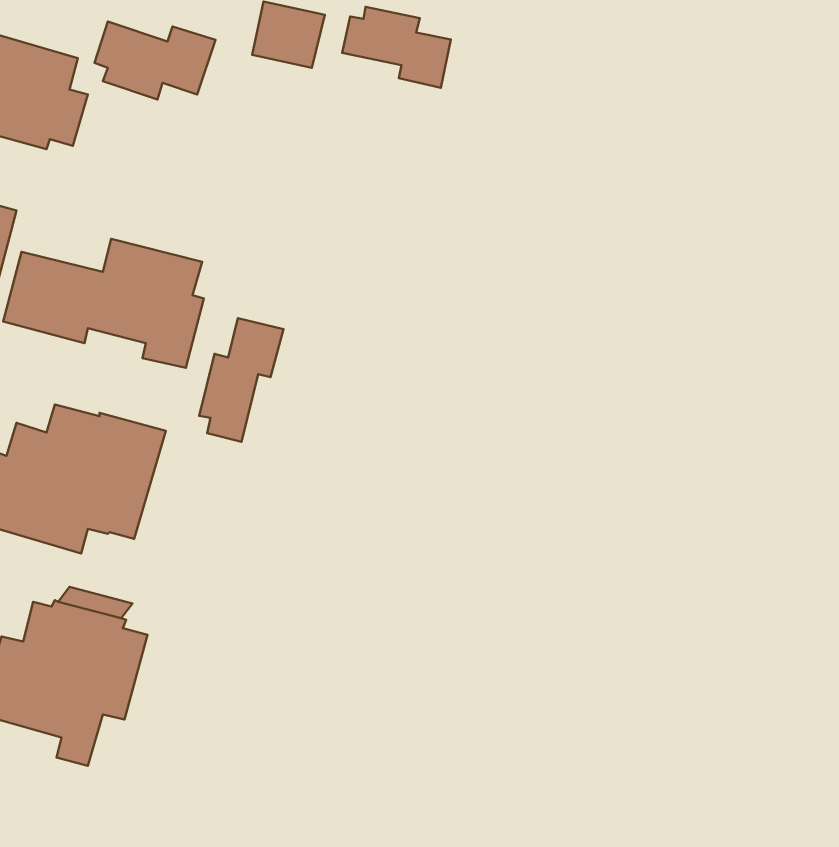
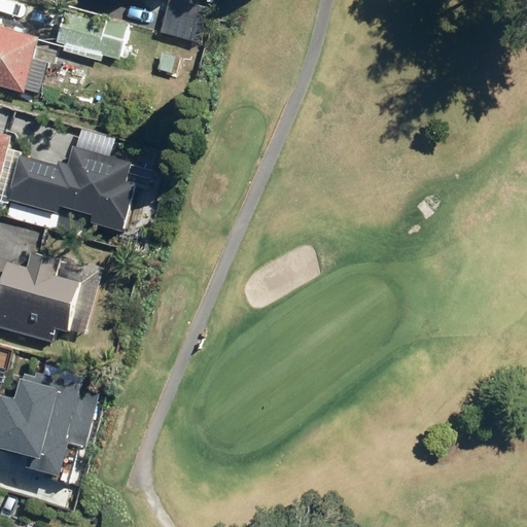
building: [342,7,451,88] -> none
building: [199,318,283,442] -> none

